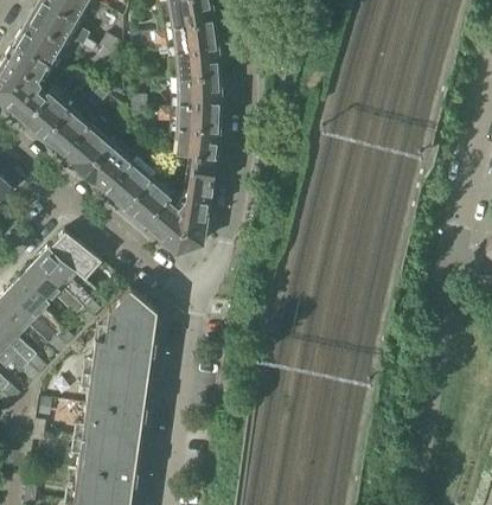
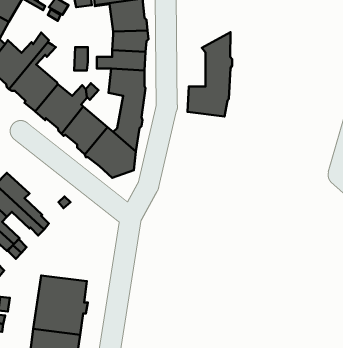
building: none -> [187,32,232,116]
building: [49,232,101,281] -> none
building: [90,290,156,382] -> none

